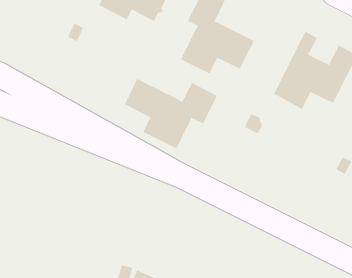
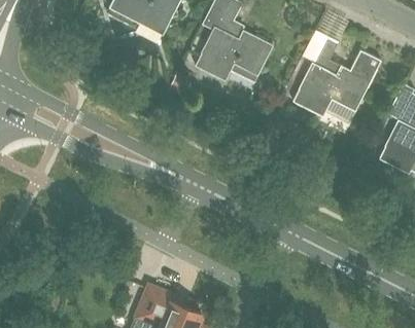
building: [124,78,218,149] -> none

